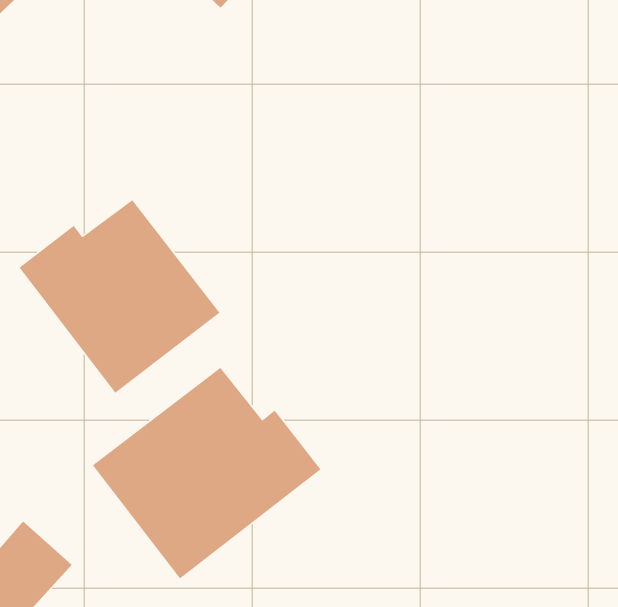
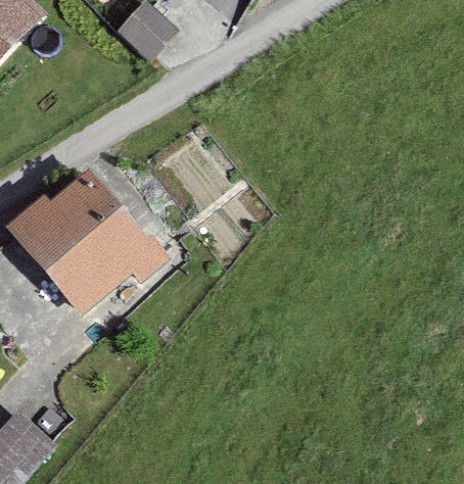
building: [92,367,321,579] -> none

